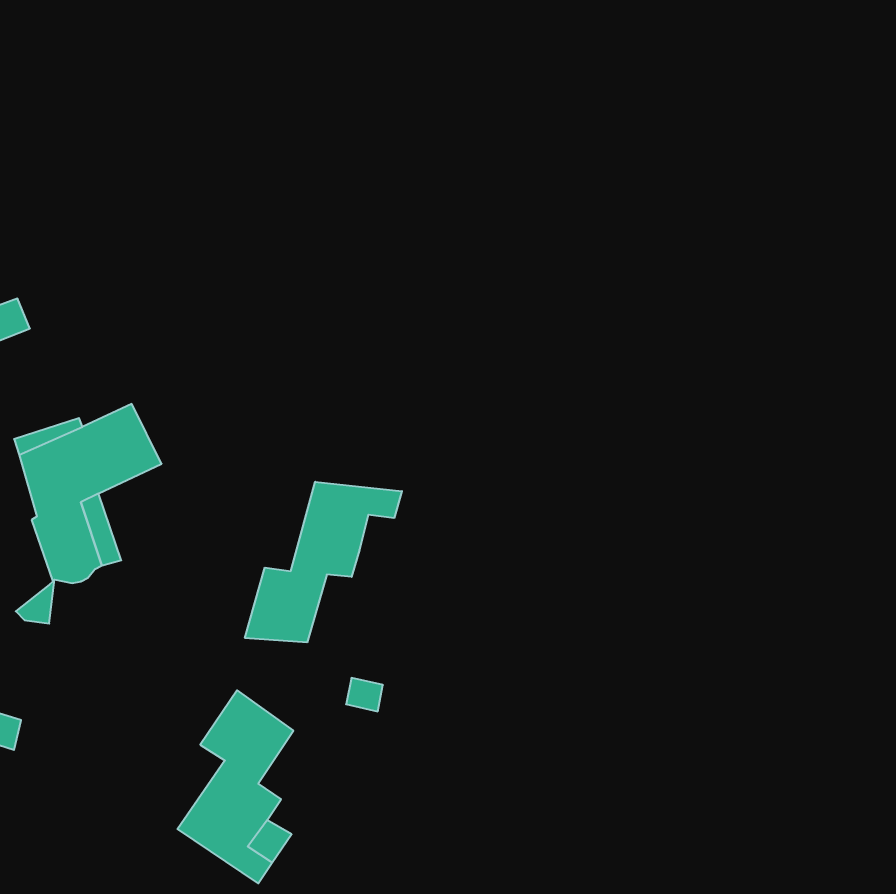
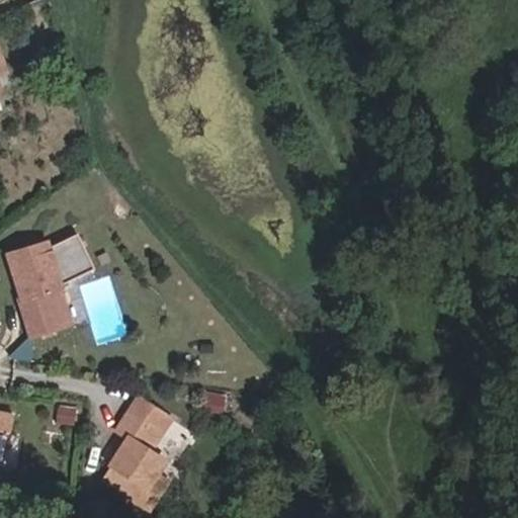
building: [245,482,402,642] -> none

